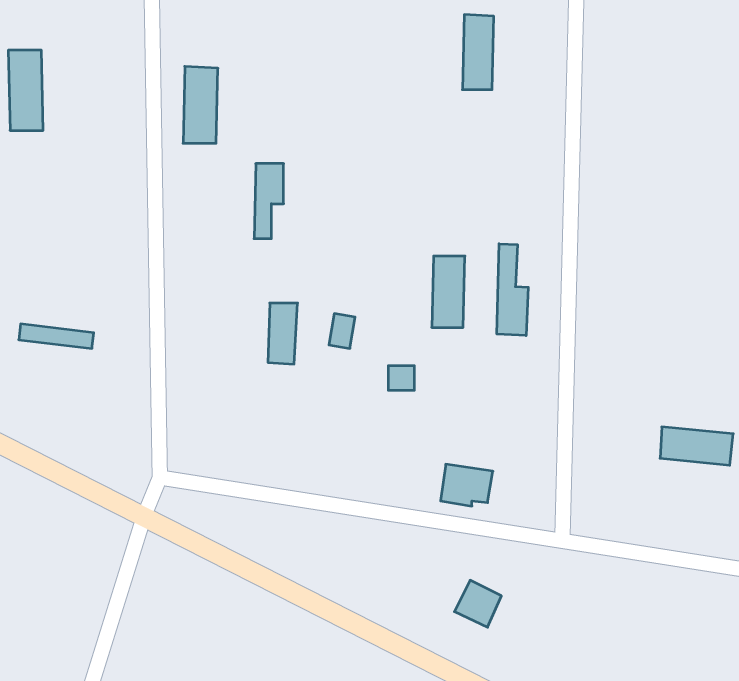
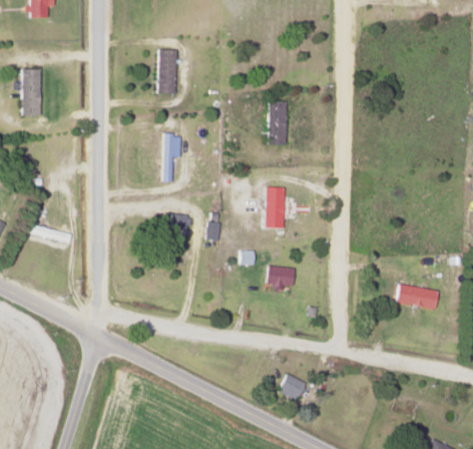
building: [462,15,494,90] -> [269,101,287,144]
building: [183,66,218,143] -> [157,49,177,93]
building: [497,244,528,336] -> none
building: [441,464,493,506] -> [266,265,296,289]

